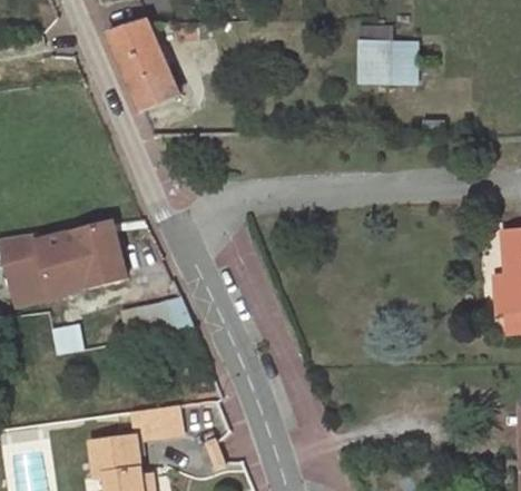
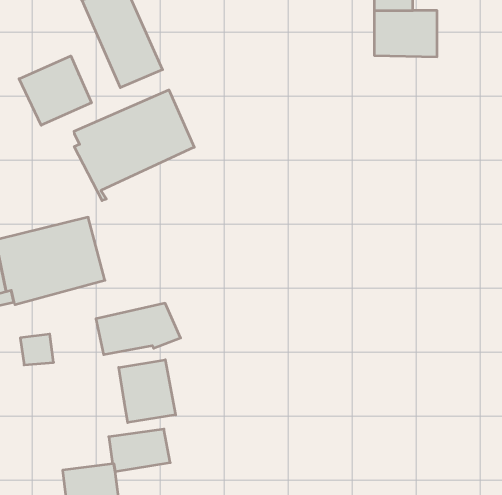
building: none -> [19,56,91,125]
building: none -> [74,90,194,201]
building: none -> [119,360,176,423]

